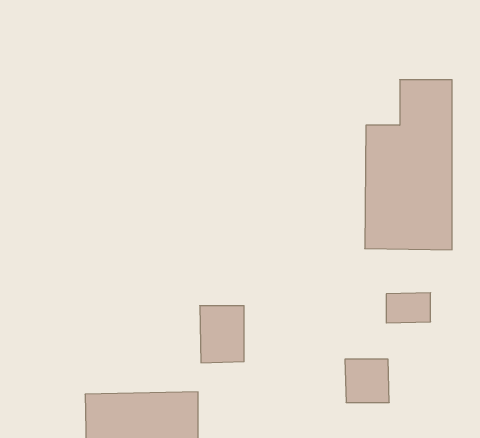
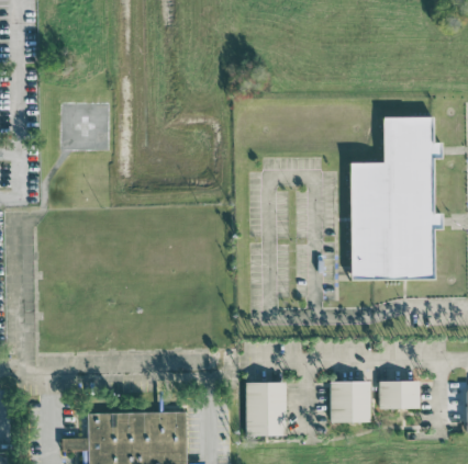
building: [386,293,431,323] -> [380,381,422,409]
building: [200,306,244,363] -> [246,383,288,437]

